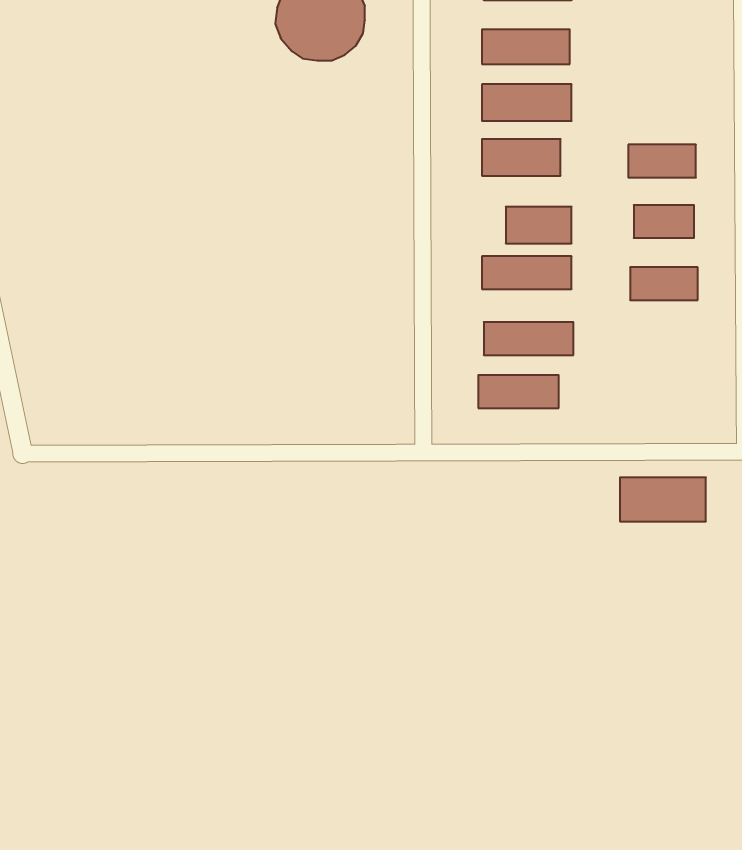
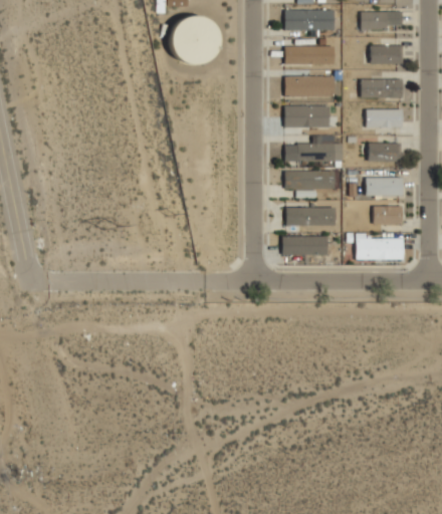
building: none -> [370,46,402,63]
building: none -> [361,79,402,98]
building: none -> [373,205,401,225]
building: [620,477,706,521] -> [356,236,403,260]

